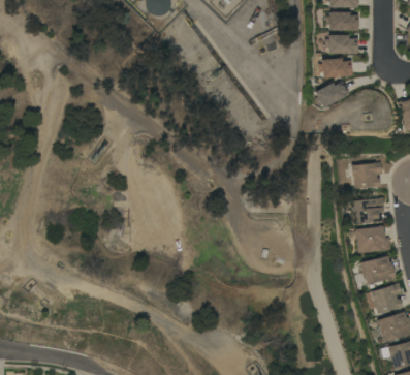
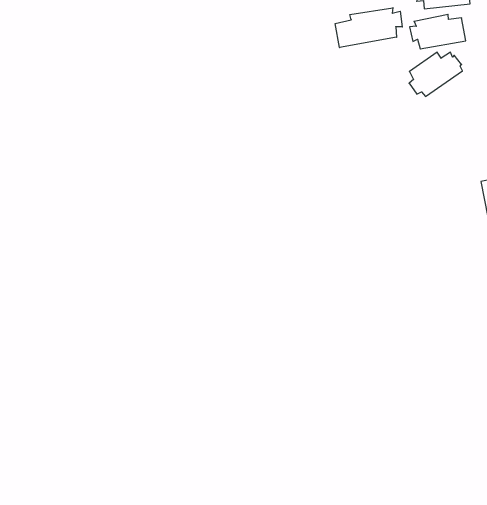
building: none -> [335,8,402,48]

